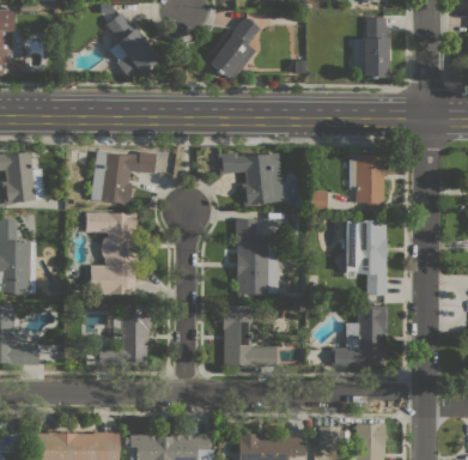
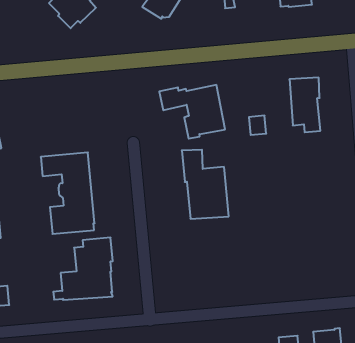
building: [91,150,157,205] -> none
building: [341,219,387,293] -> none
building: [224,304,276,364] -> none
building: [330,305,388,367] -> none

